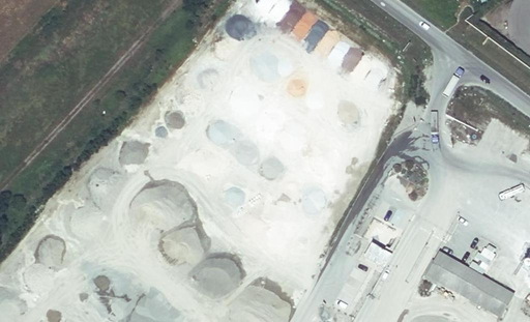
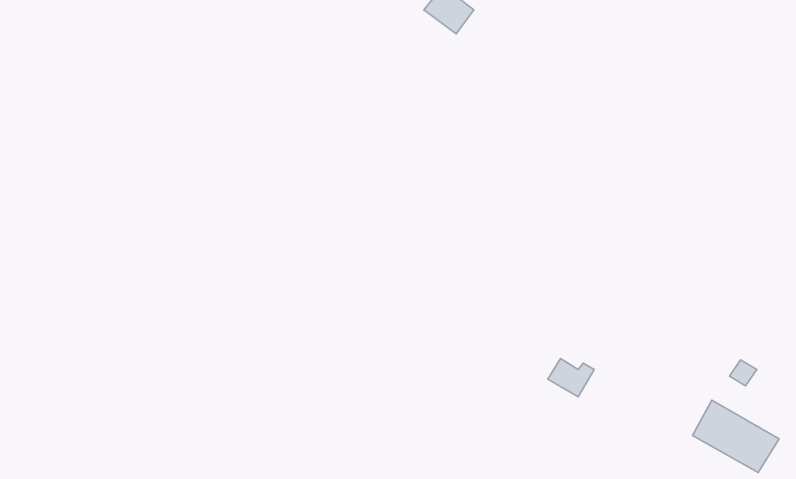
building: [426,252,469,292] -> none

